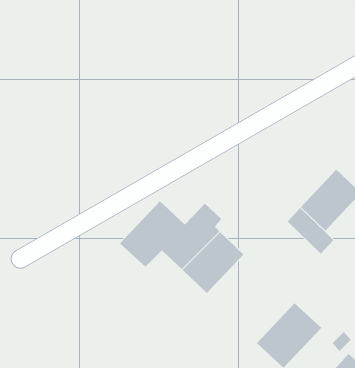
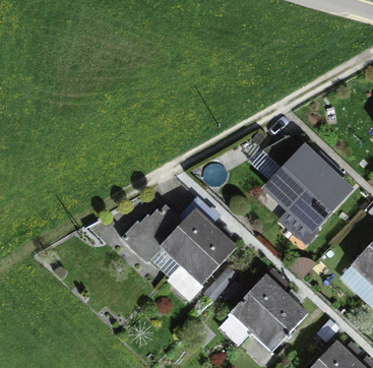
building: none -> [267,133,323,205]
building: none -> [219,277,285,344]

